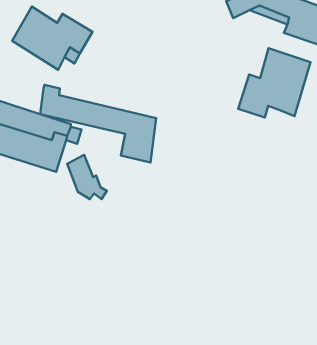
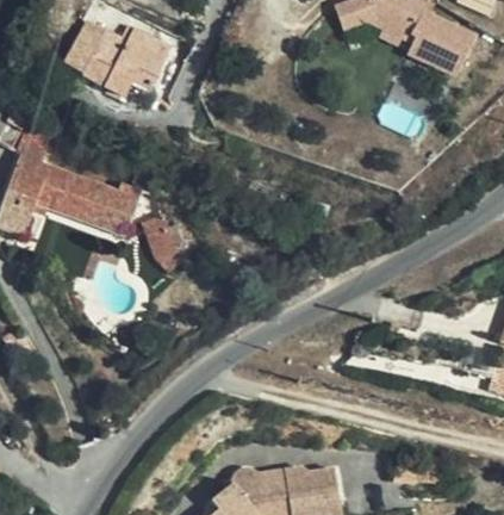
building: [238,48,310,118] -> none
building: [40,85,156,163] -> none

